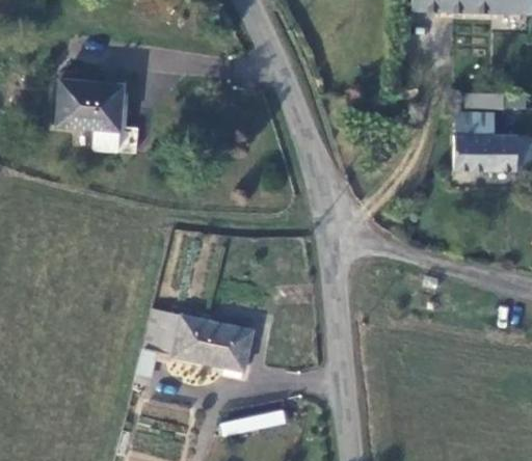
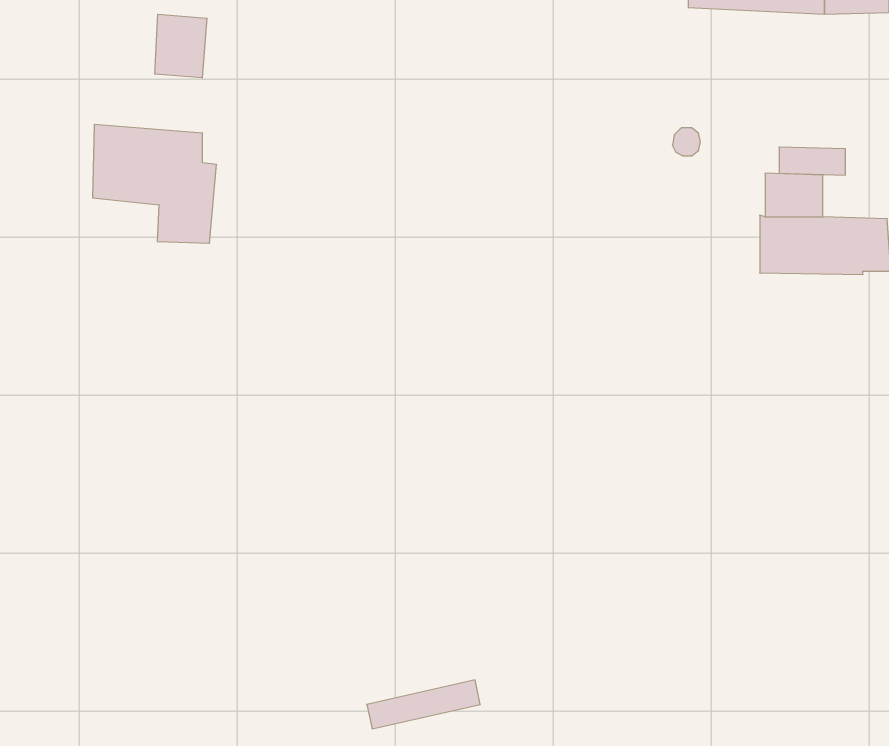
building: none -> [155,14,207,78]
building: [138,306,254,375] -> none

